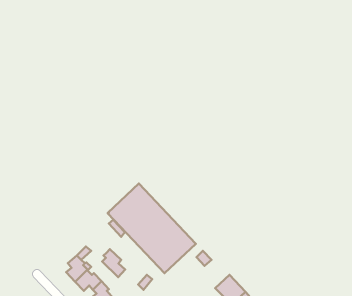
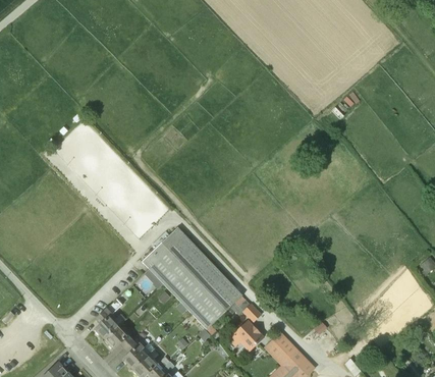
building: [102,249,125,277] -> none
building: none -> [230,322,264,351]

